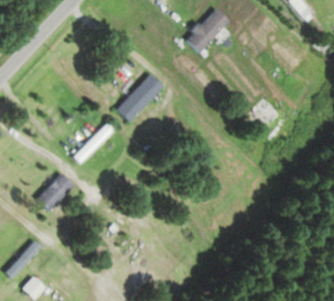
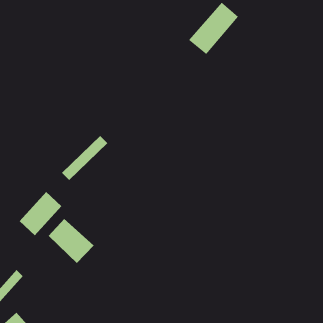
building: [117,74,164,121] -> none
building: none -> [48,218,95,264]

